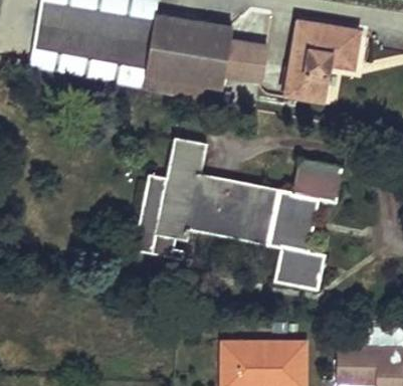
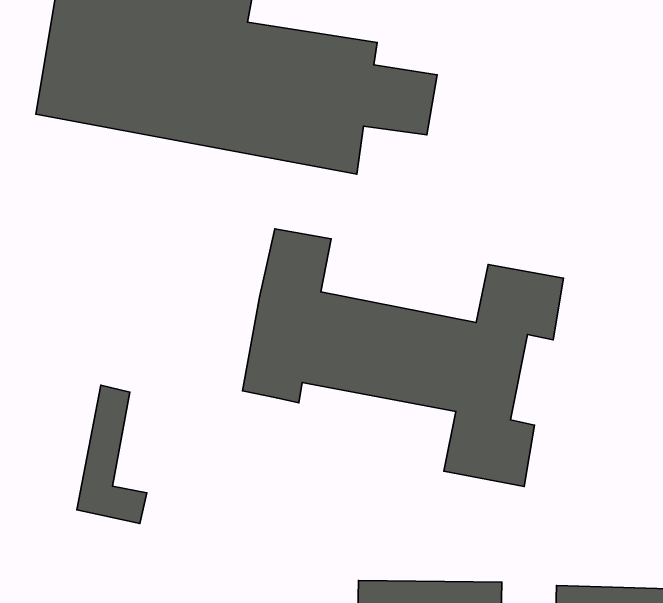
building: [285,20,360,100] -> none
building: [133,172,174,253] -> [77,385,147,524]

